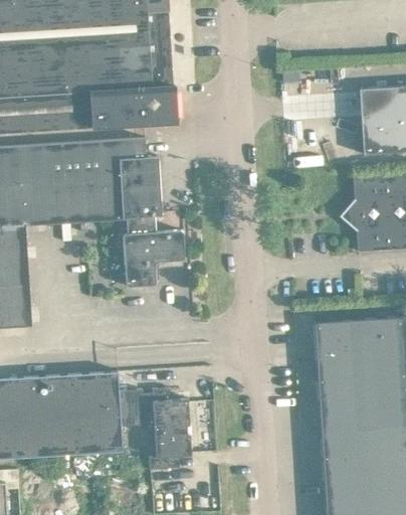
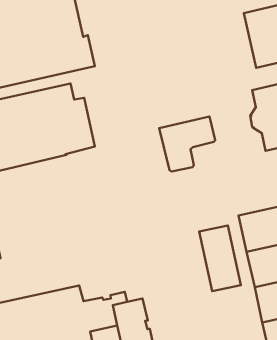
building: [122,229,184,286] -> [159,116,215,172]
building: none -> [199,226,241,291]

